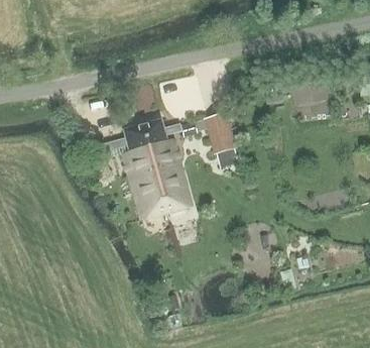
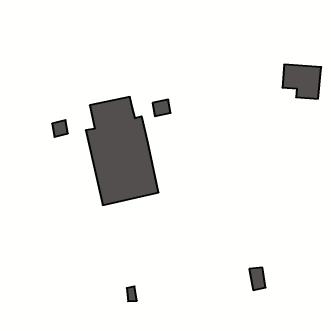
building: [205,113,237,154] -> none

